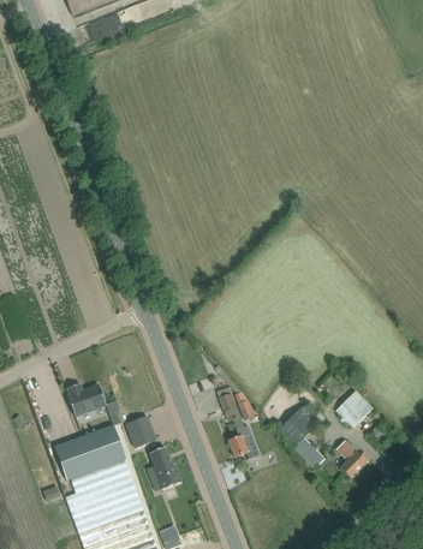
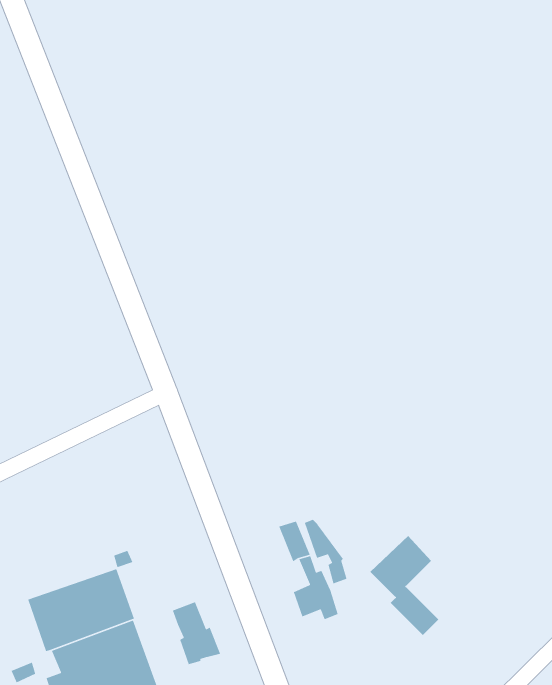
building: [67,382,106,416] -> none
building: [335,390,373,426] -> none
building: [126,414,156,447] -> none
building: [336,440,369,477] -> none

